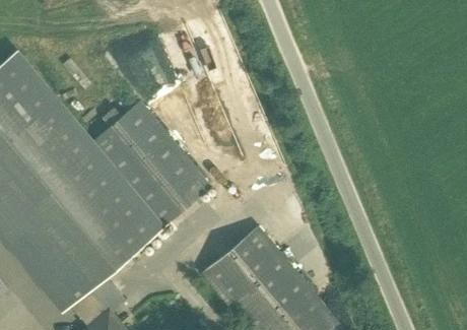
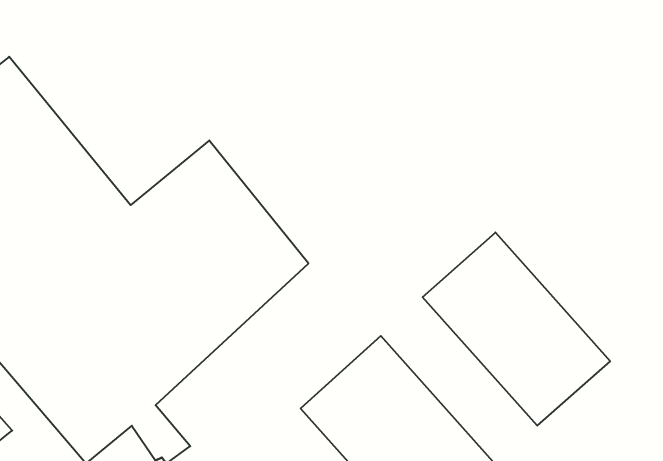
building: none -> [423,232,610,426]

